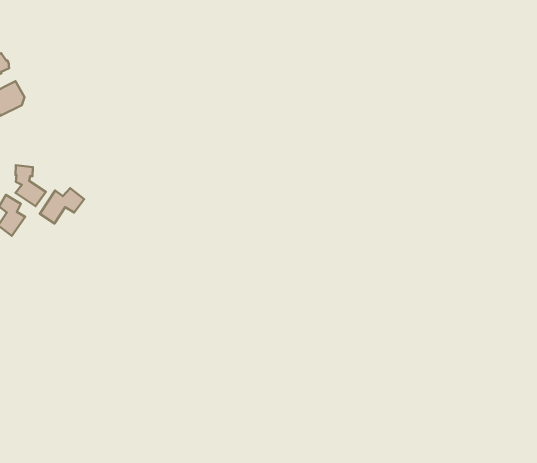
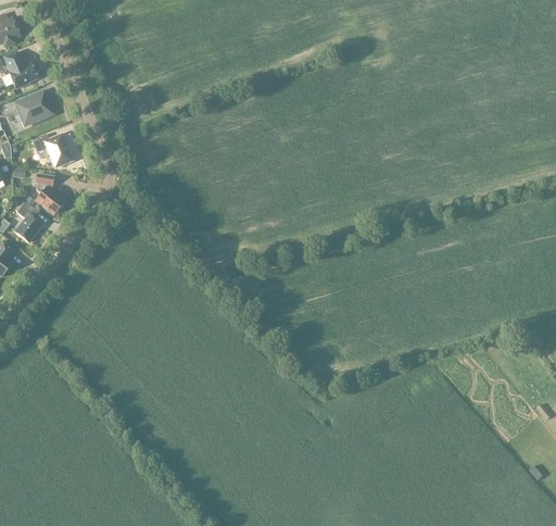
building: none -> [33,133,73,166]
building: [40,188,84,223] -> none

